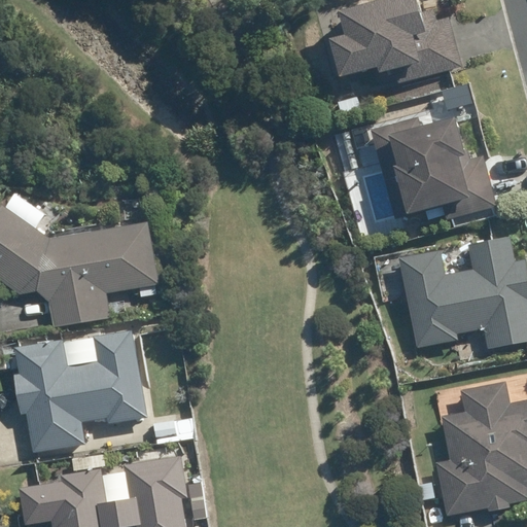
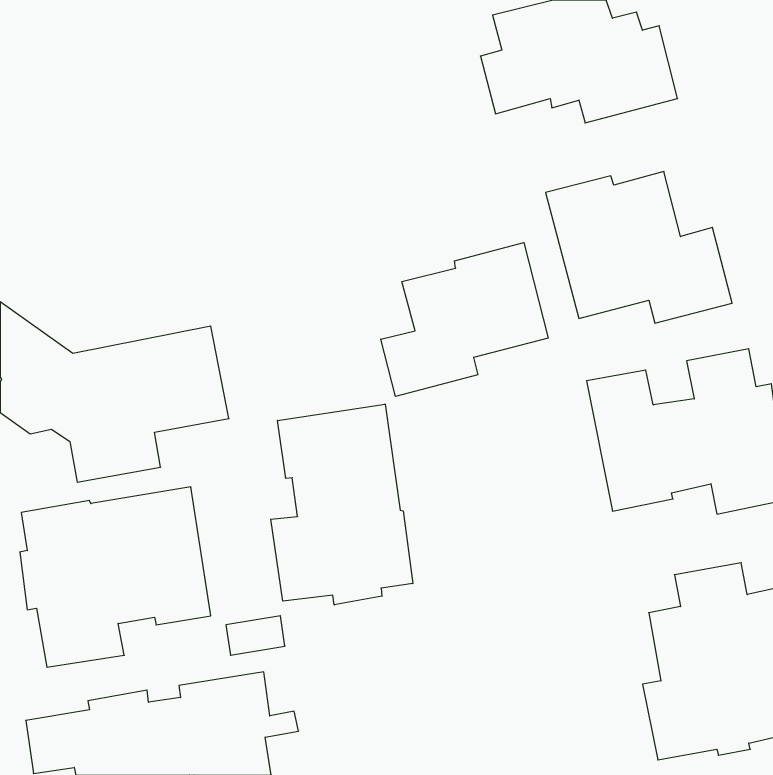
building: none -> [381,243,548,396]
building: none -> [271,404,413,605]

